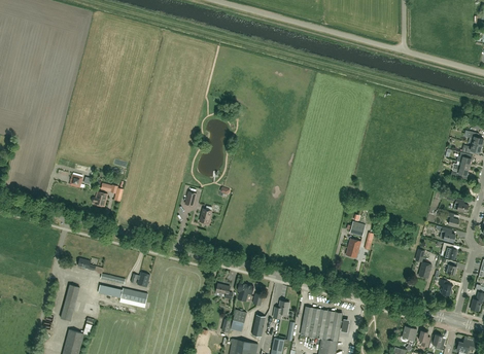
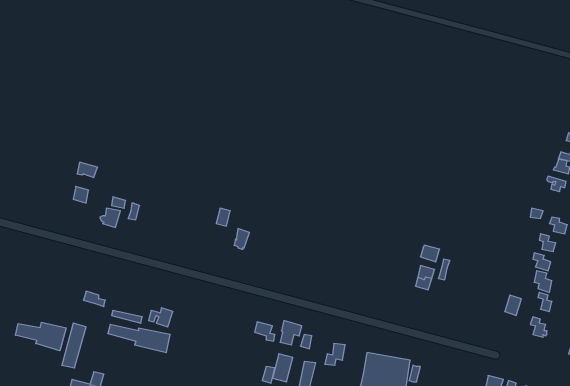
building: none -> [15,322,66,351]

